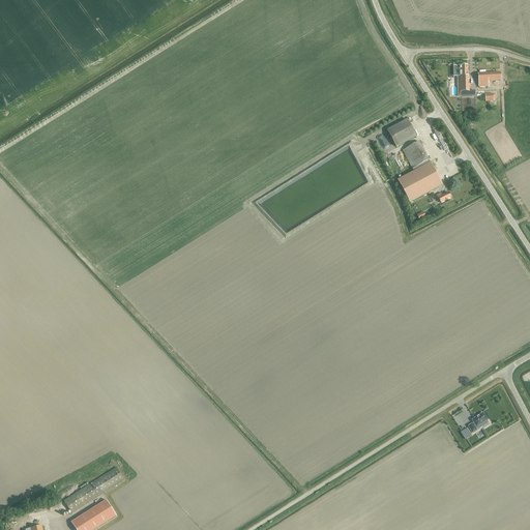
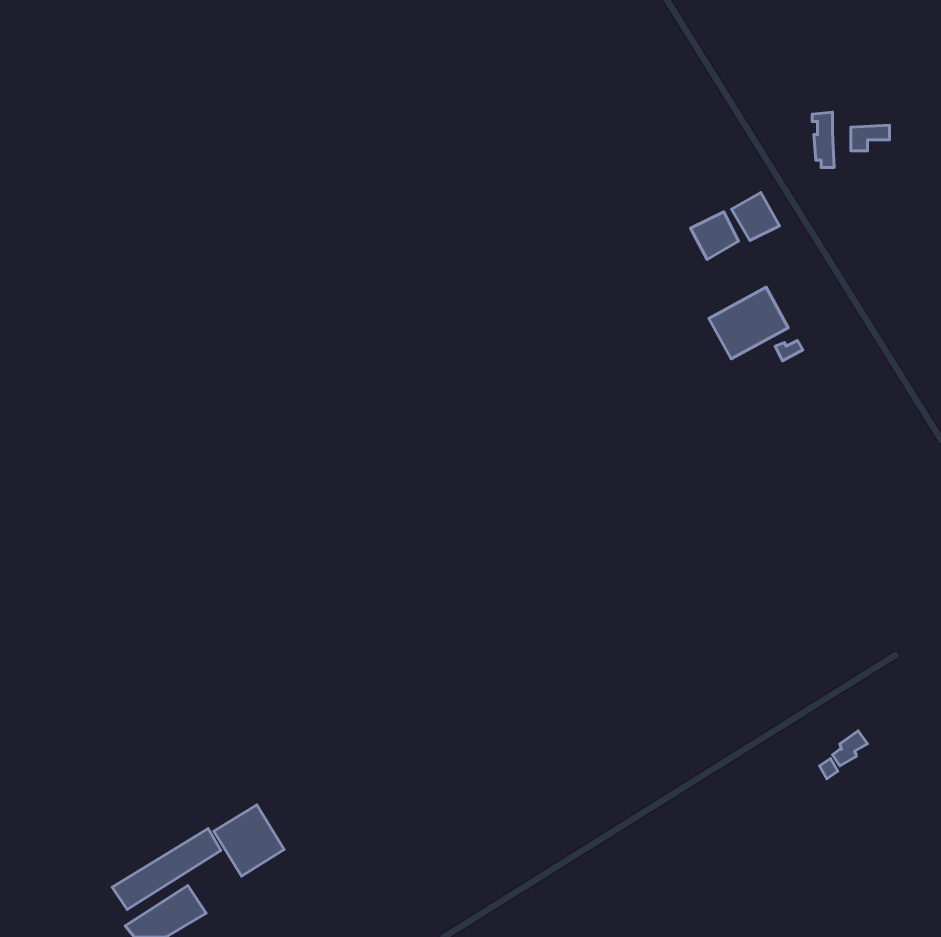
building: [402,141,429,168] -> [732,193,779,241]
building: none -> [214,805,284,876]

